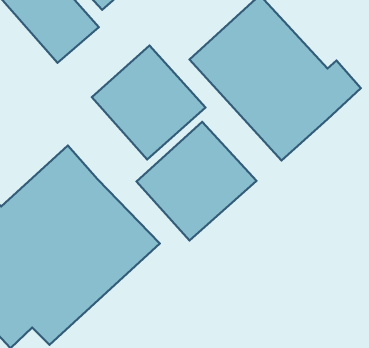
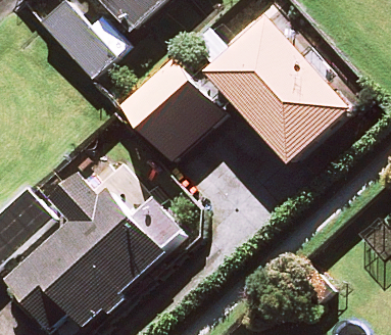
building: [137,122,256,241] -> none

